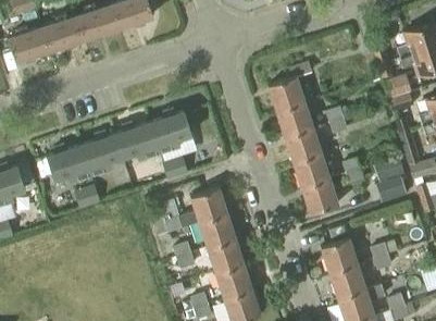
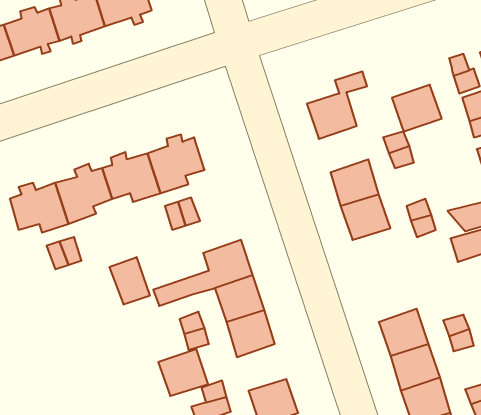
building: [276,103,313,138] -> [392,85,442,132]
building: [301,180,338,214] -> none
building: none -> [110,257,150,305]
building: [215,266,252,300] -> [158,349,208,396]

